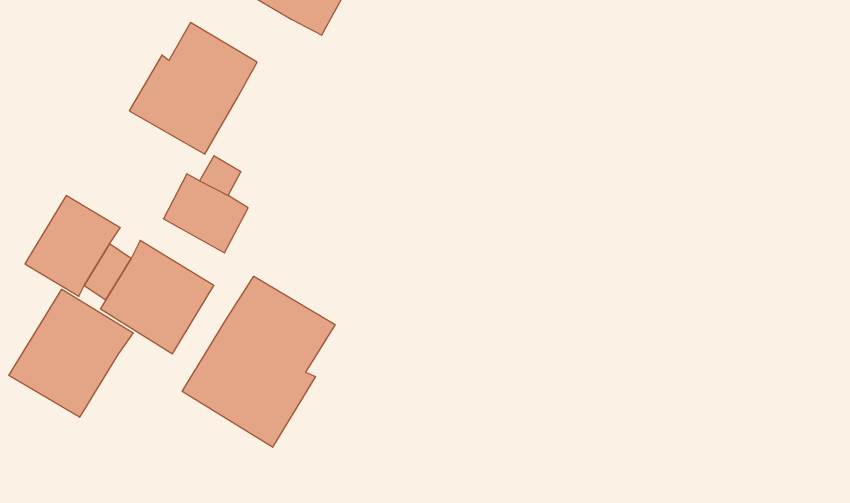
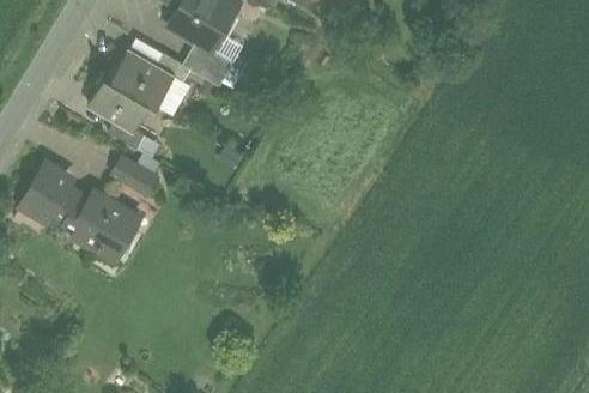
building: none -> [182,43,236,85]
building: [182,276,335,447] -> none
building: [9,289,133,417] -> none

